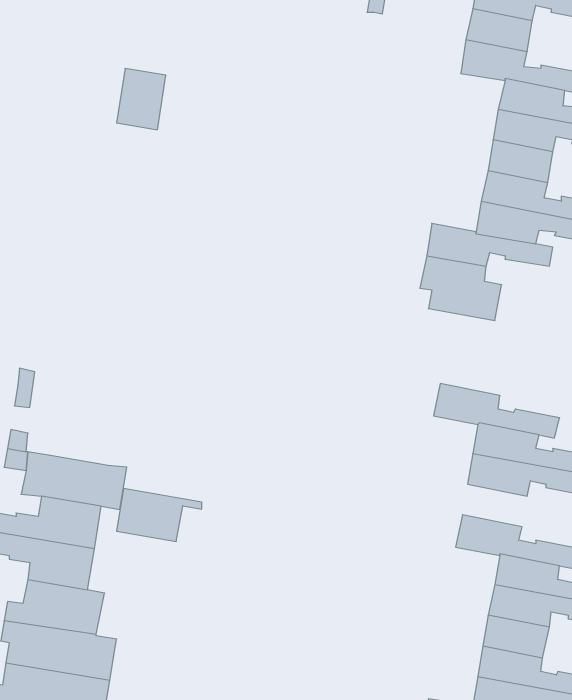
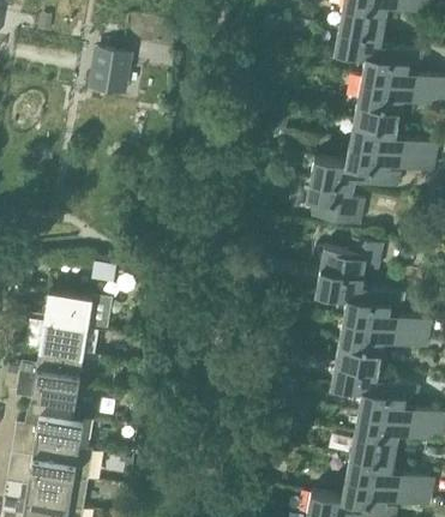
building: none -> [320,240,383,279]
building: none -> [336,342,381,372]
building: [117,489,202,541] -> [44,291,104,329]

